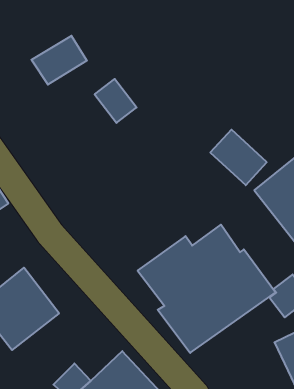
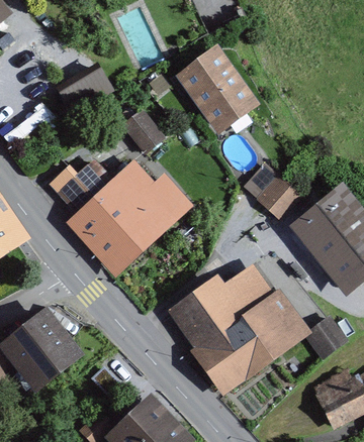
building: none -> [175,44,261,135]
building: none -> [57,158,196,279]

